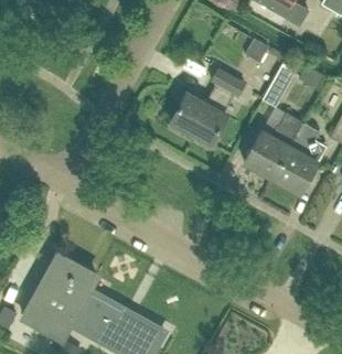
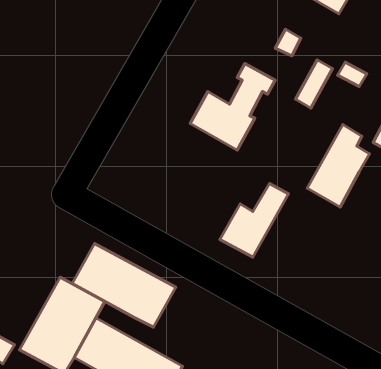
building: [243,112,302,176] -> [220,184,289,257]
building: none -> [72,243,176,327]

